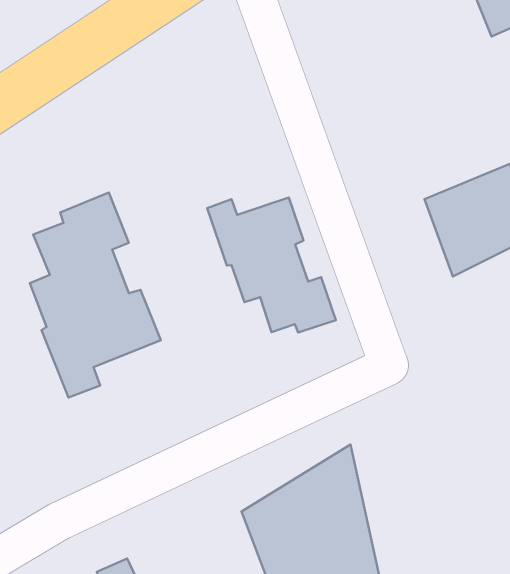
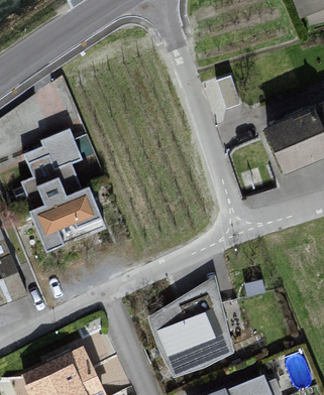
building: [207,198,336,332] -> none

